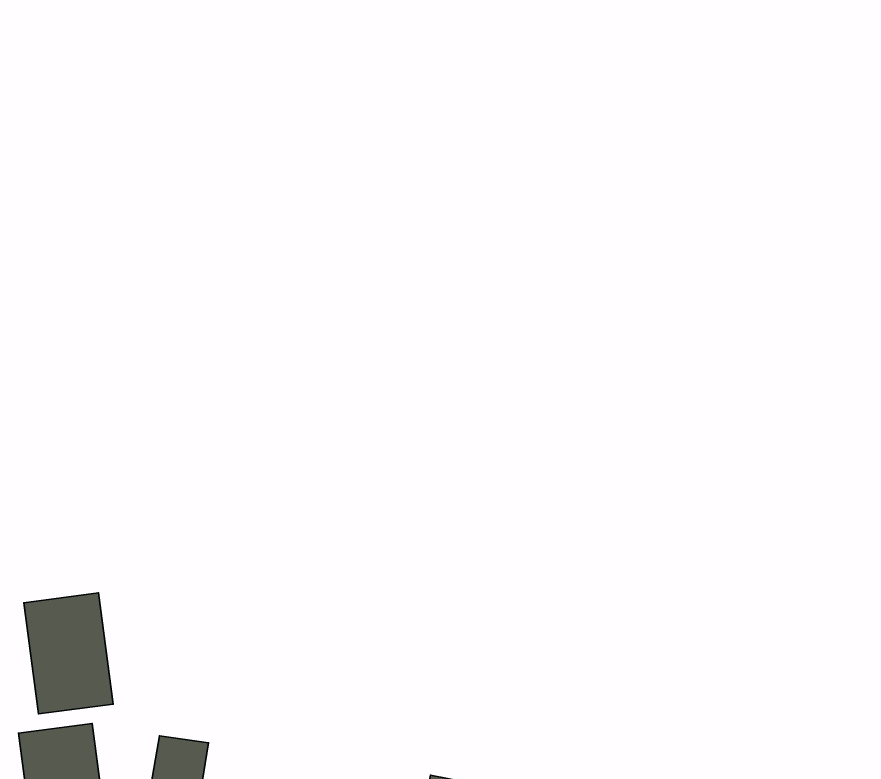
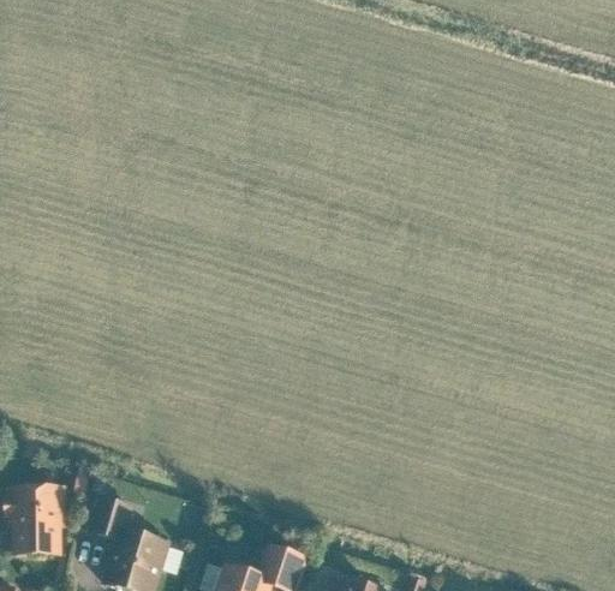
building: [24,593,113,714] -> none

